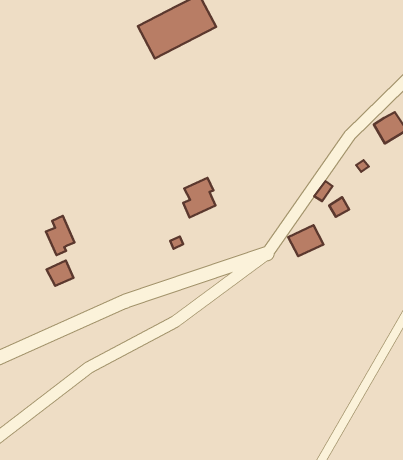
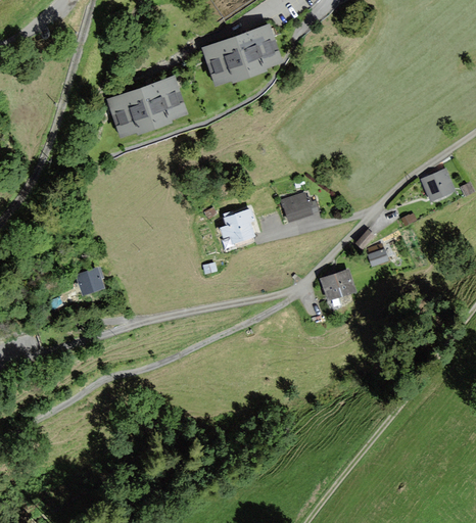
building: none -> [108,78,184,133]
building: none -> [282,193,312,221]
building: [46,216,75,255] -> none

